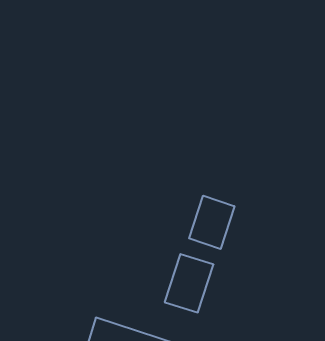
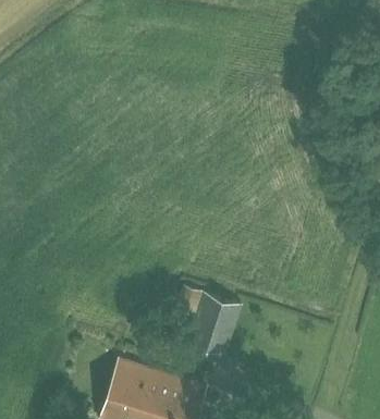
building: [189,196,234,249] -> none

